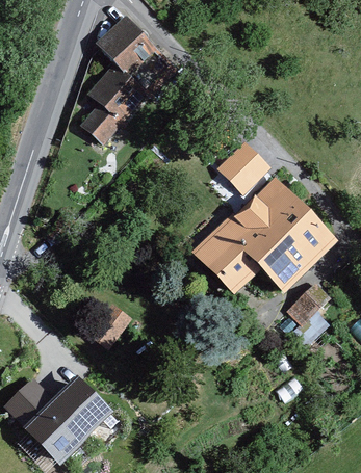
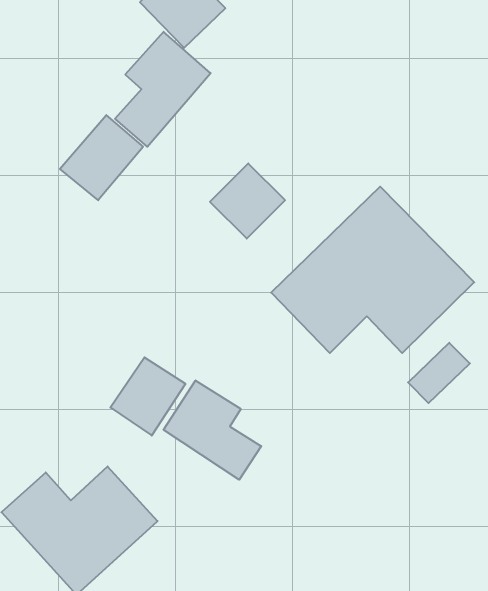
building: none -> [60,115,143,200]
building: [213,139,266,192] -> [210,163,285,239]
building: none -> [164,380,261,480]

